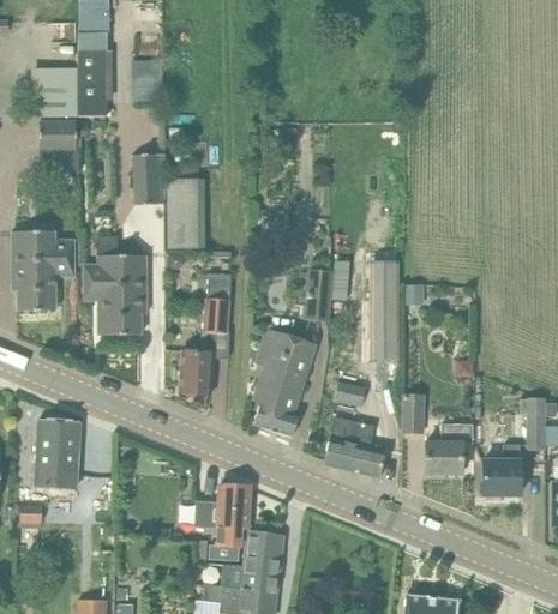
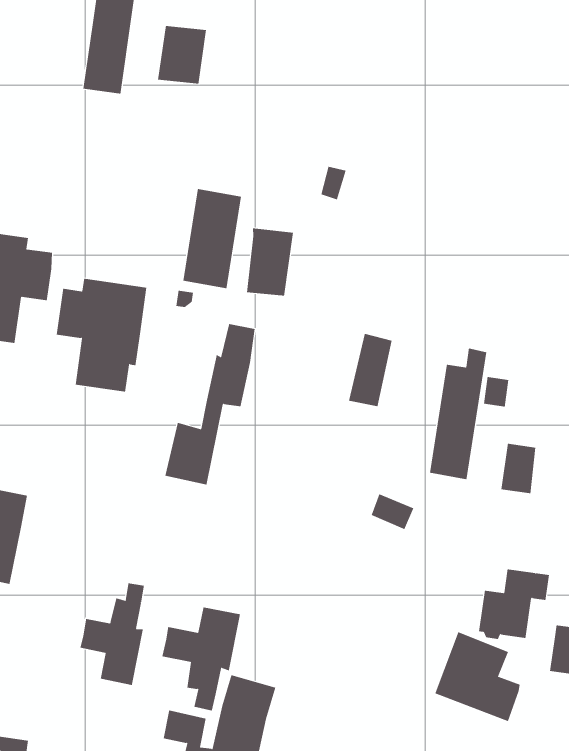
building: [42,68,78,116] -> none
building: [41,121,77,150] -> none
building: [134,154,166,203] -> [246,228,294,296]
building: [254,326,319,435] -> none
building: [402,397,425,432] -> [501,443,536,494]
building: [323,417,385,478] -> [434,631,521,722]
building: none -> [80,582,144,686]

